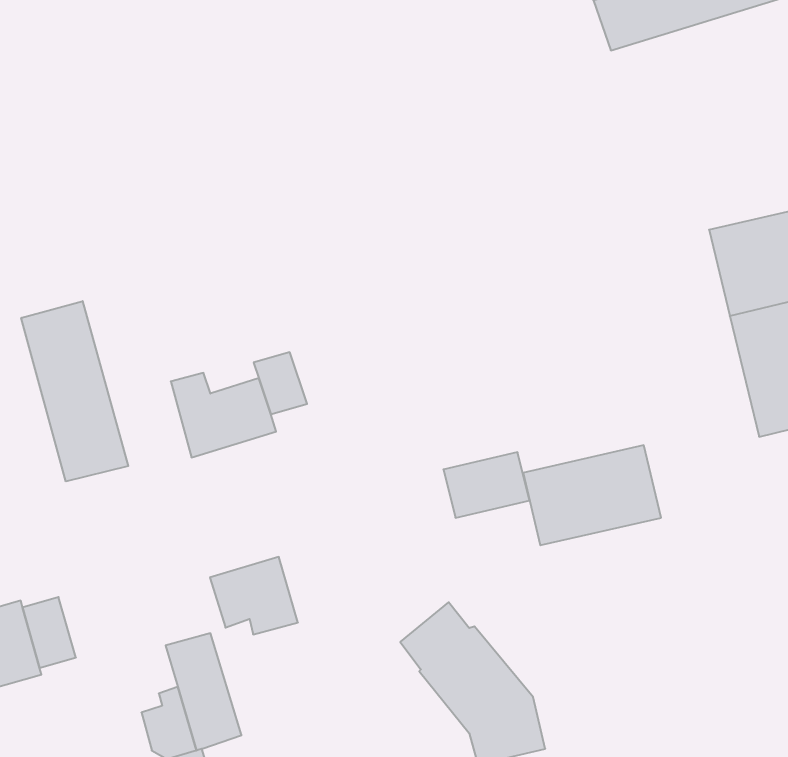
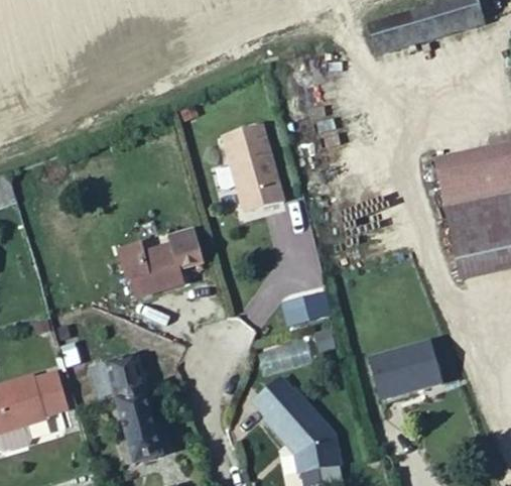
building: none -> [223,125,283,213]
building: [21,301,128,481] -> none
building: [523,445,661,545] -> [360,341,440,399]
building: [210,557,298,634] -> [93,357,144,402]

